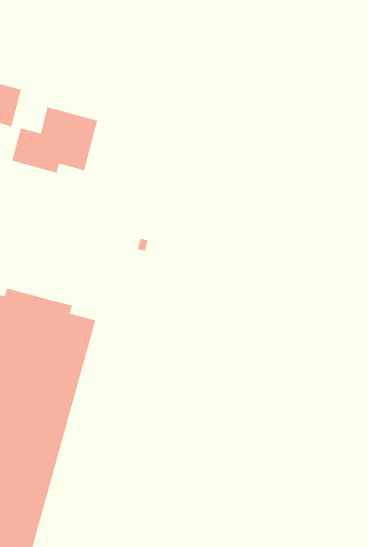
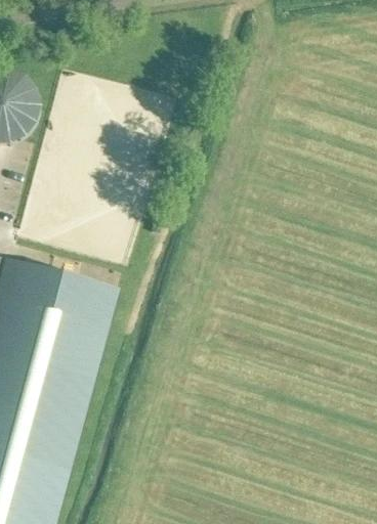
building: [12,107,98,173] -> none

